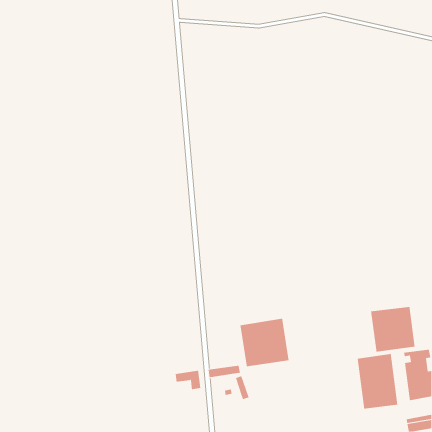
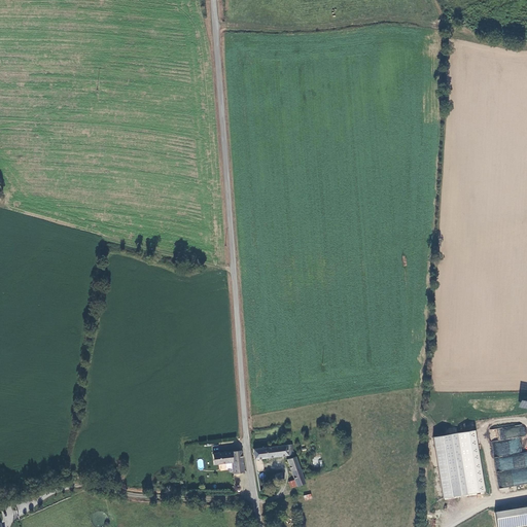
building: [371,306,415,352] -> none
building: [240,318,289,367] -> none

